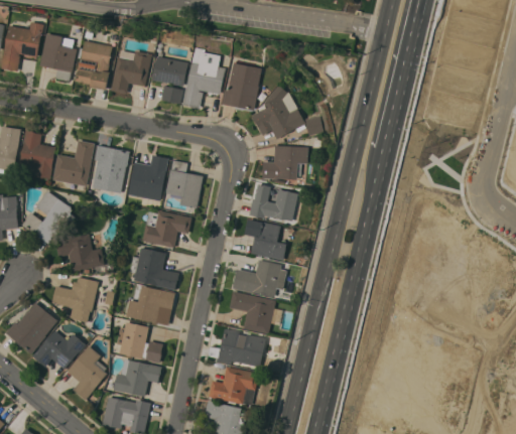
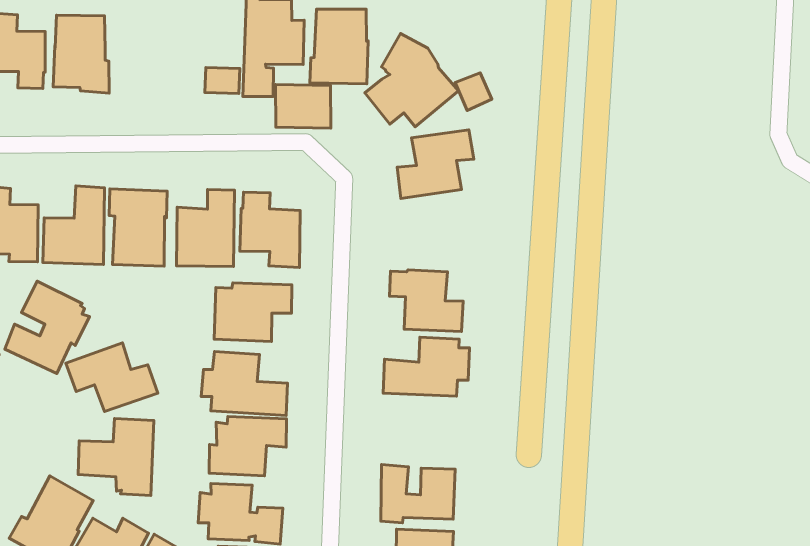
building: [111,51,151,94] -> none
building: [152,56,187,87] -> [275,85,331,128]
building: [249,184,298,222] -> none
building: [230,291,276,334] -> none

